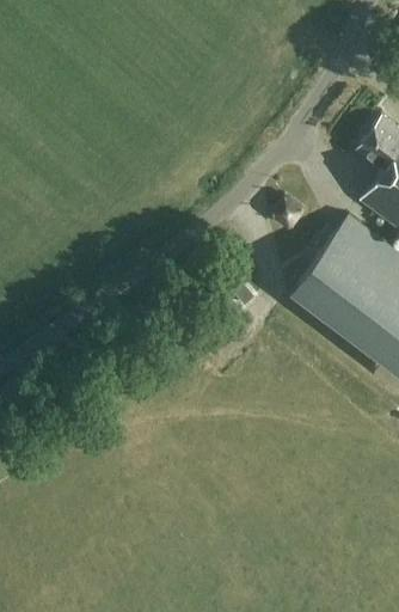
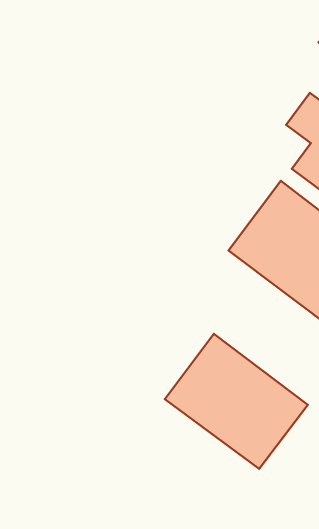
building: none -> [165,334,308,469]

